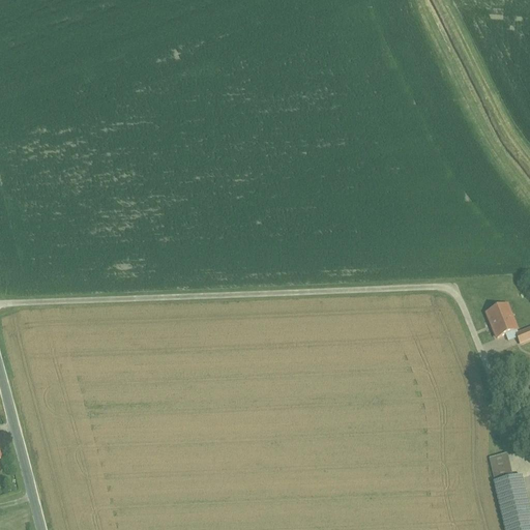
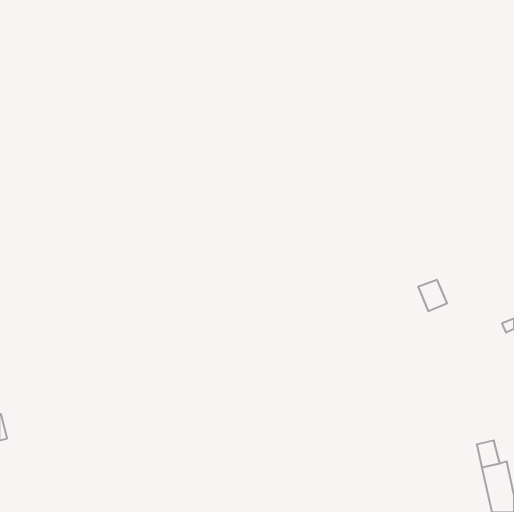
building: [487,304,517,336] -> [418,280,447,311]

